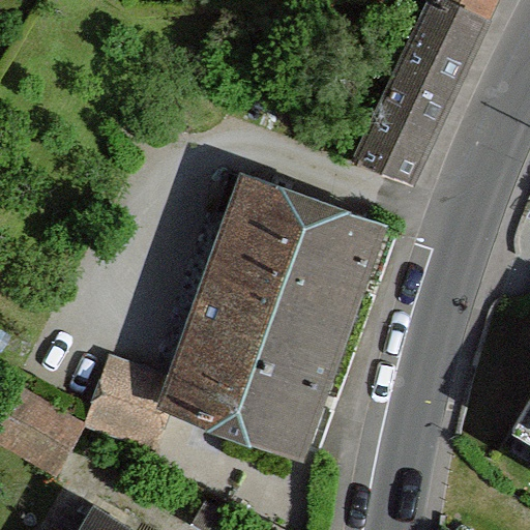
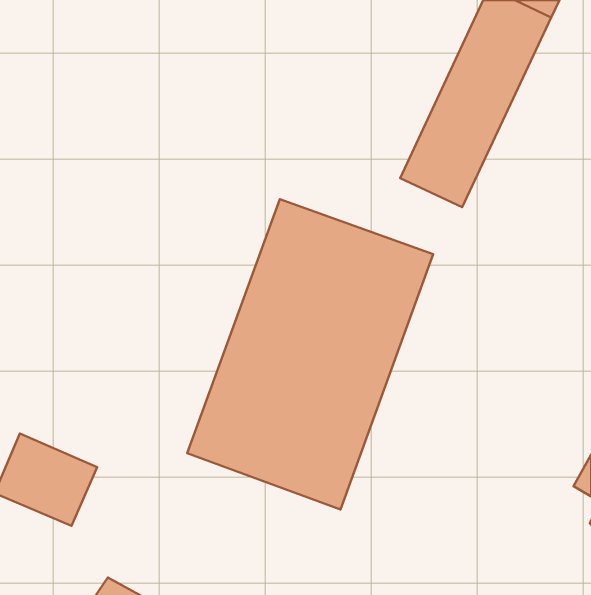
building: [89,365,166,442] -> none

